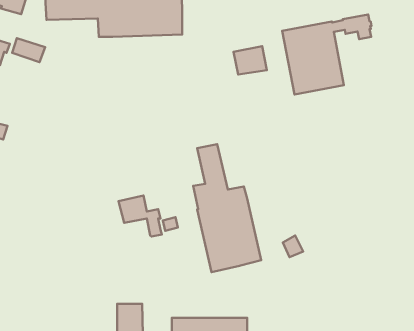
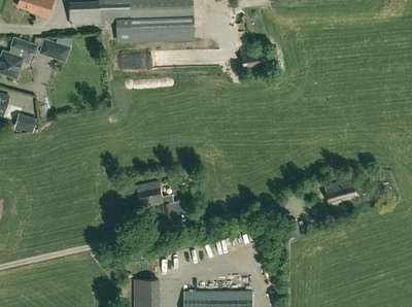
building: [282,14,371,95] -> none
building: [193,144,261,272] -> none
building: none -> [323,177,359,209]

